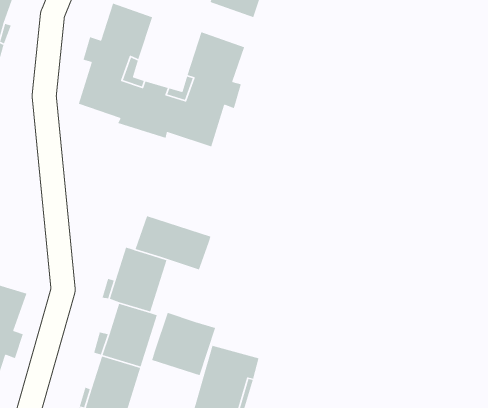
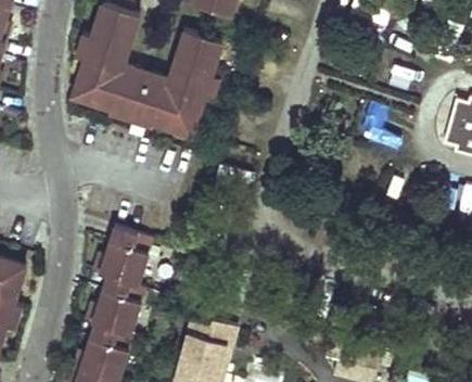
building: [135,215,211,270] -> none
building: [151,312,216,376] -> none

